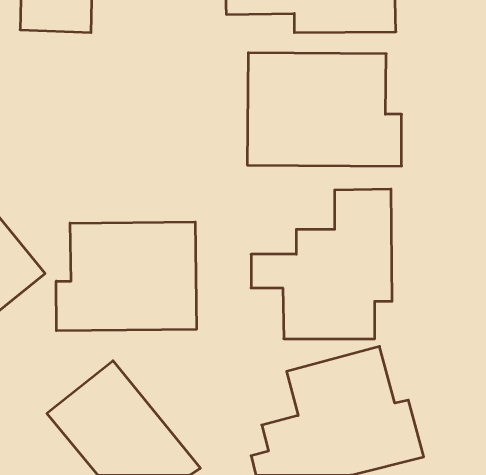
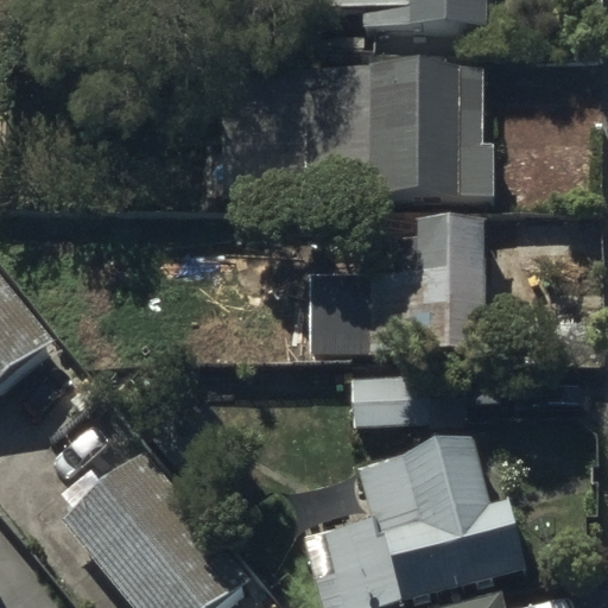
building: [56,222,196,331] -> none

